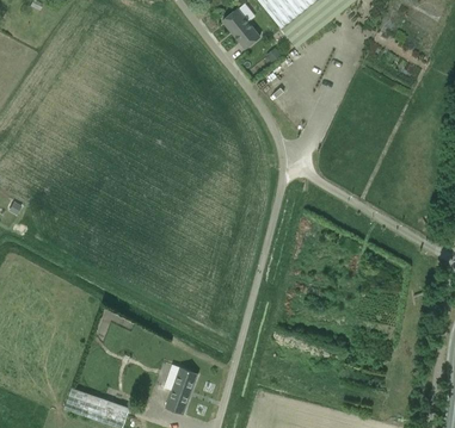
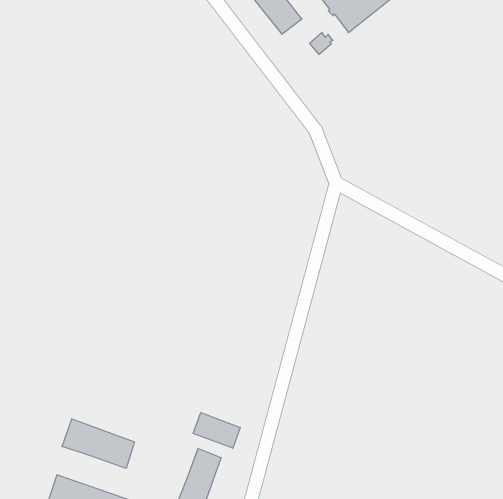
building: none -> [193,413,240,448]
building: none -> [62,419,135,468]

